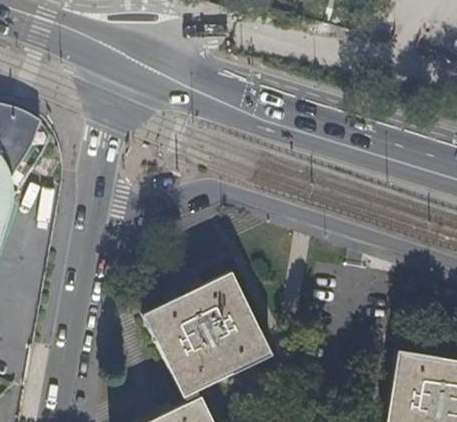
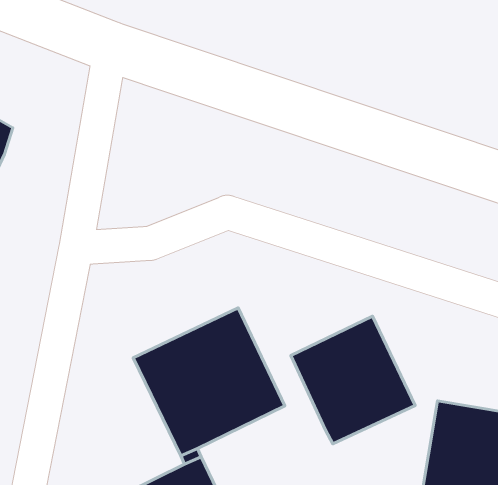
building: none -> [291,316,415,444]

